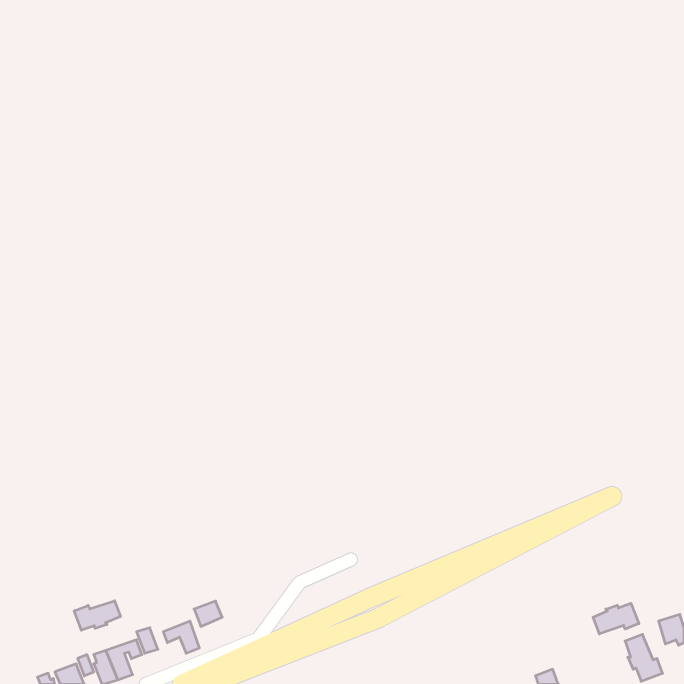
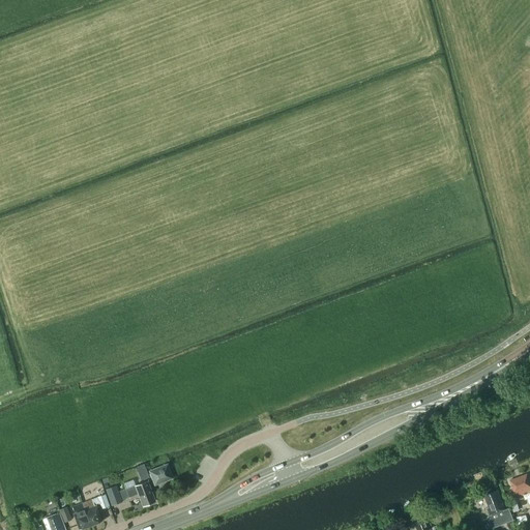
building: [74,601,120,630] -> none
building: [593,603,639,634] -> none

